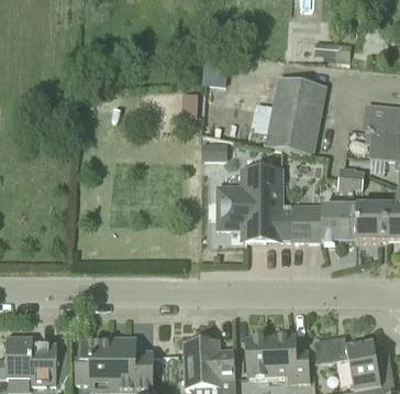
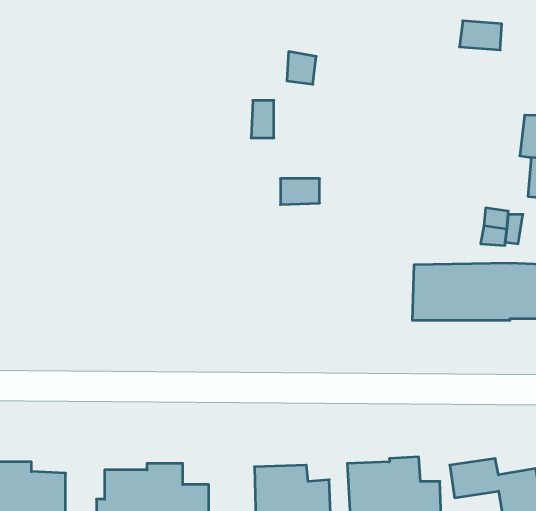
building: [264,76,326,154] -> none
building: [225,169,290,241] -> none

